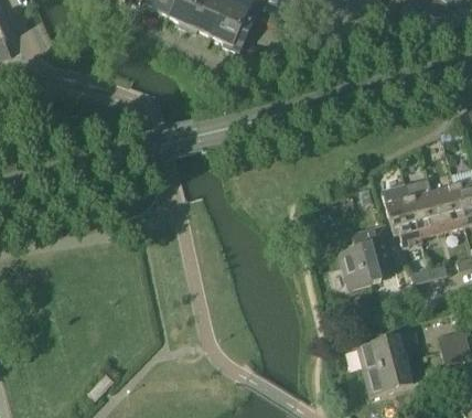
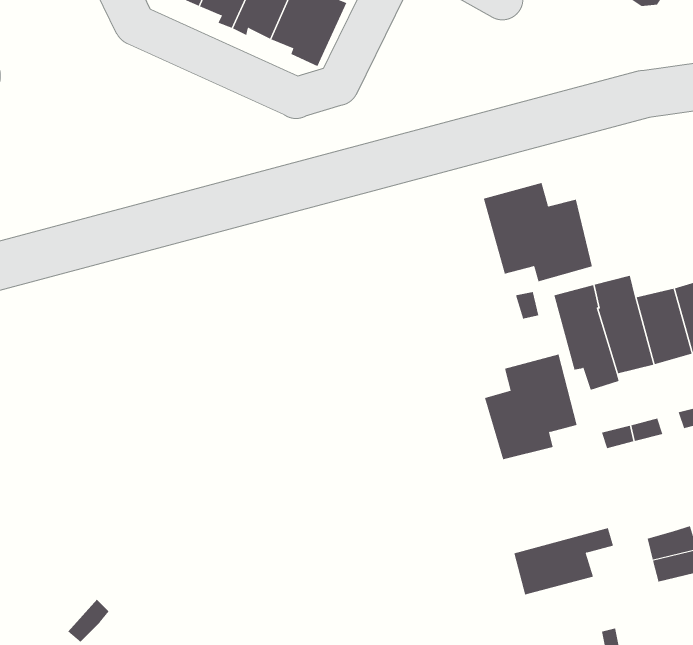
building: none -> [483,182,593,282]
building: [363,358,428,394] -> none

